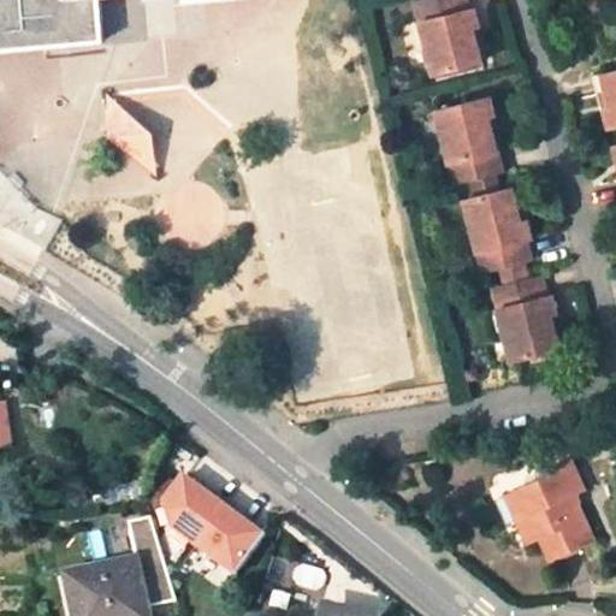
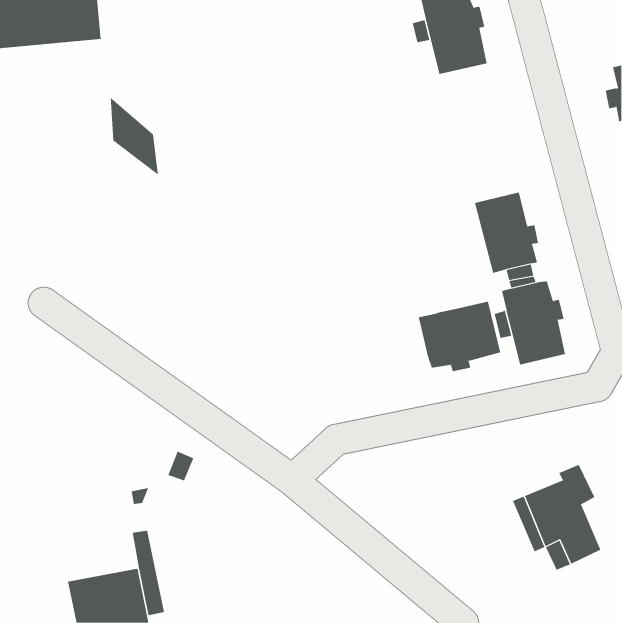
building: [436,97,500,180] -> none
building: none -> [418,301,501,372]
building: [161,481,261,579] -> none

